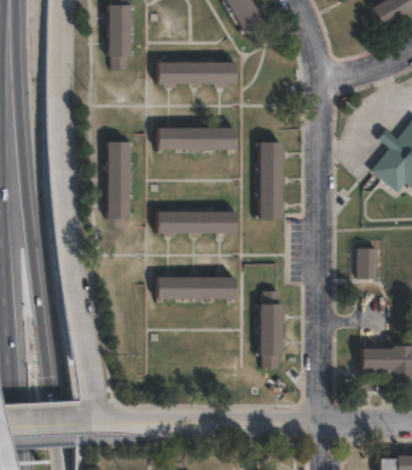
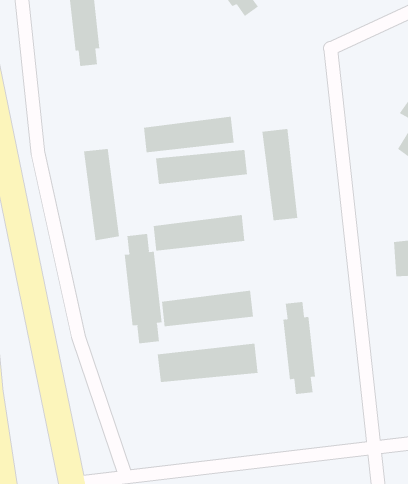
building: [158,60,236,83] -> [155,149,248,185]
building: none -> [124,233,162,344]
building: none -> [157,343,258,383]

